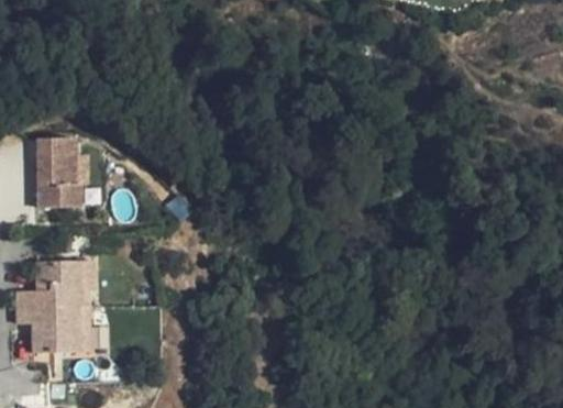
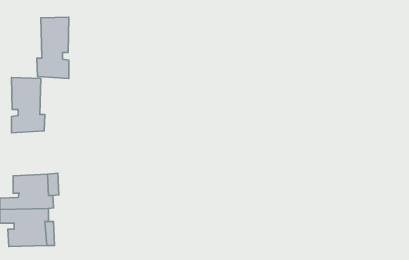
building: none -> [37,17,69,78]

